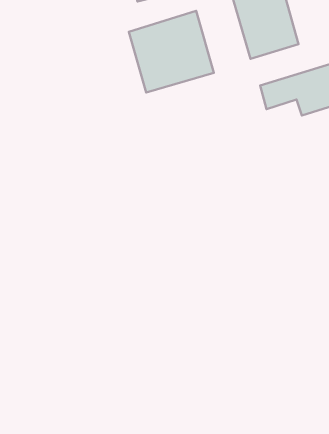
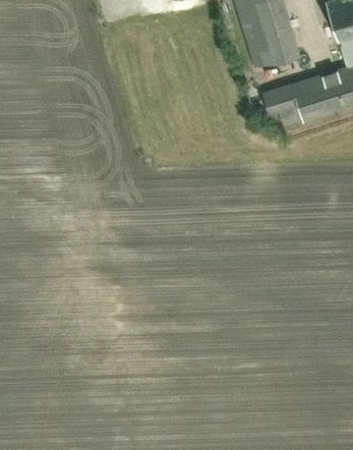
building: [129,11,214,93] -> none

